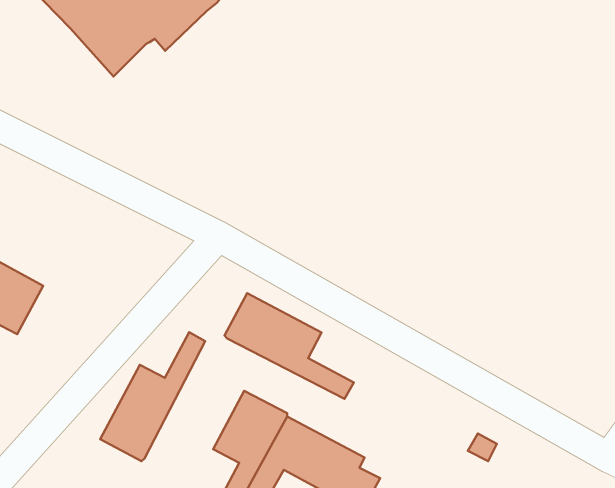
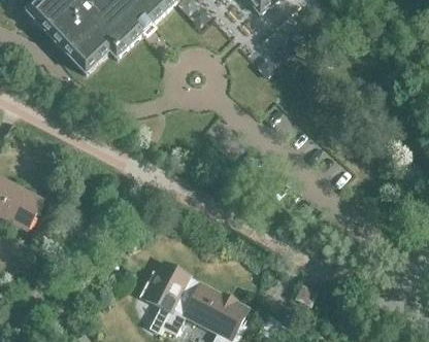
building: [224,293,354,399] -> none
building: [100,332,205,461] -> none

